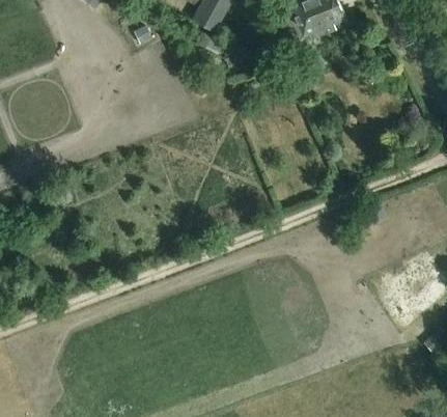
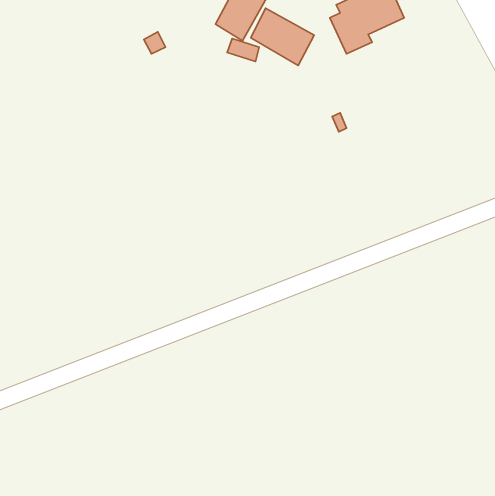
building: none -> [251,8,314,65]

